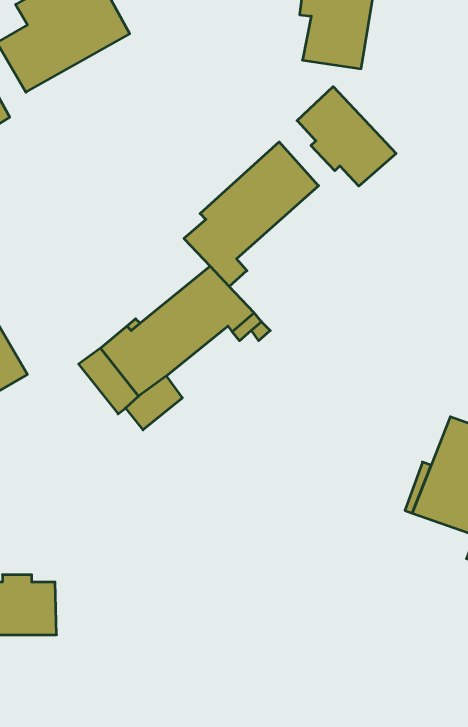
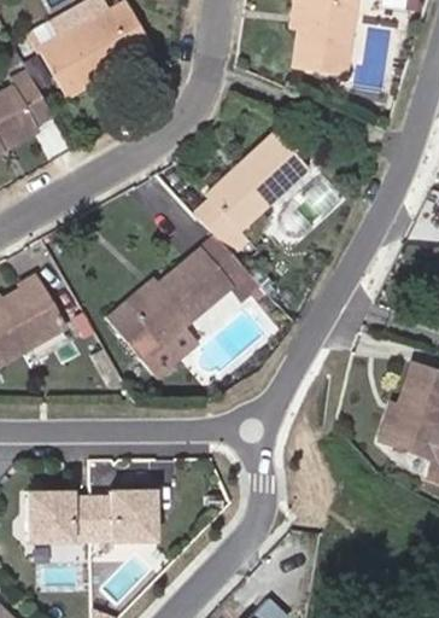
building: [297,87,396,186] -> none
building: none -> [89,489,153,540]

